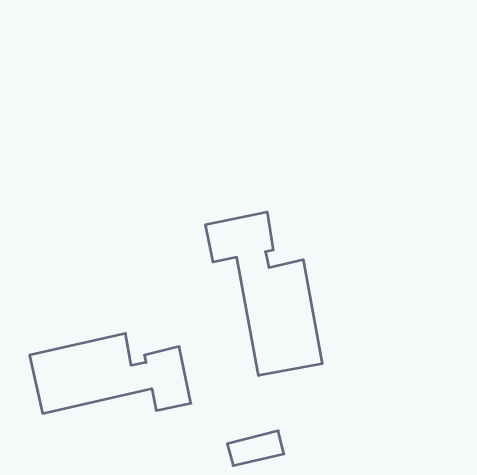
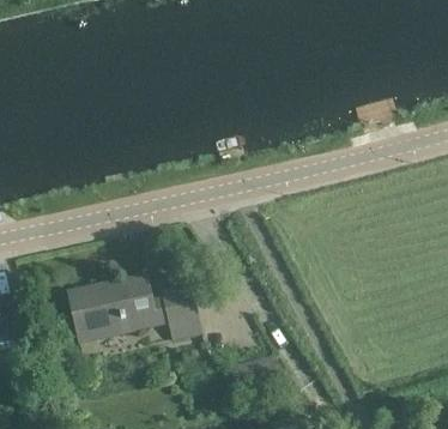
building: [206,212,322,376] -> none

